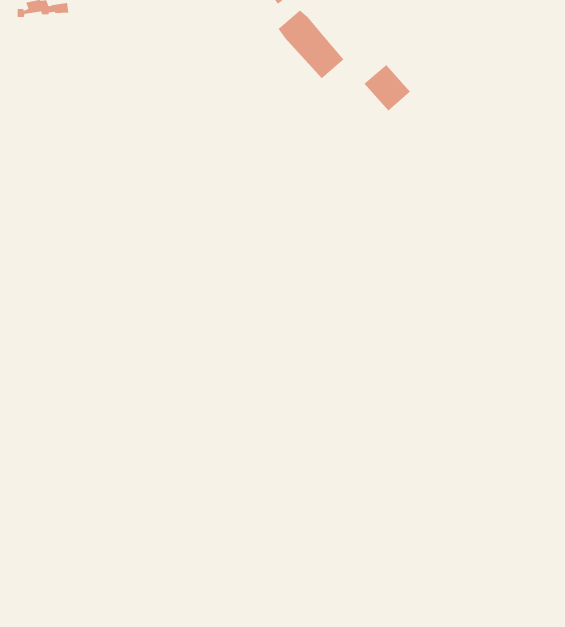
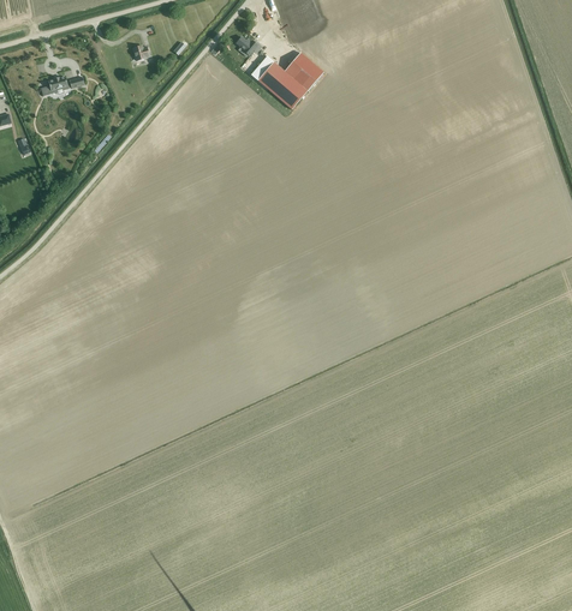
building: [364,64,411,111] -> [285,53,323,90]

